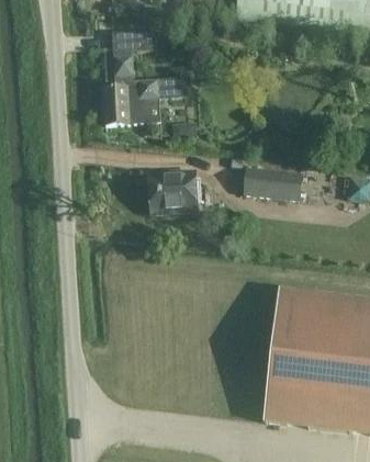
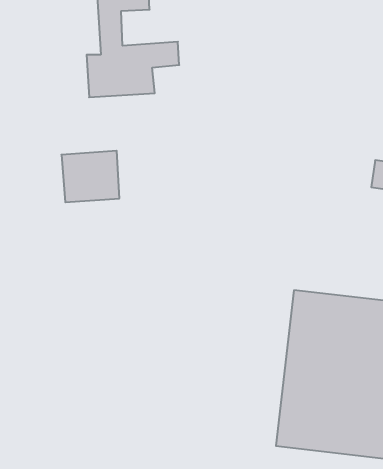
building: [243,167,302,201] -> none
building: [146,168,195,212] -> [61,151,119,202]

